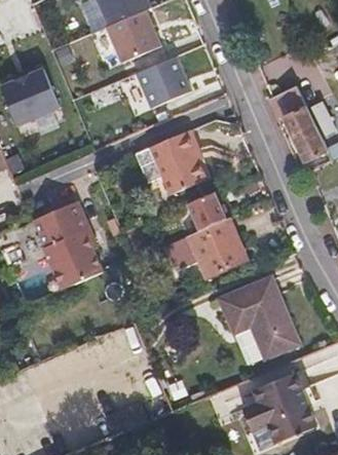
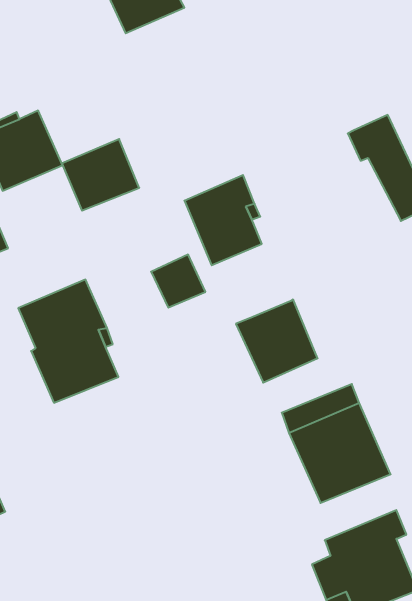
building: [106,9,160,62] -> none
building: [136,55,191,107] -> [62,139,139,211]
building: [187,191,226,229] -> [151,255,205,308]

